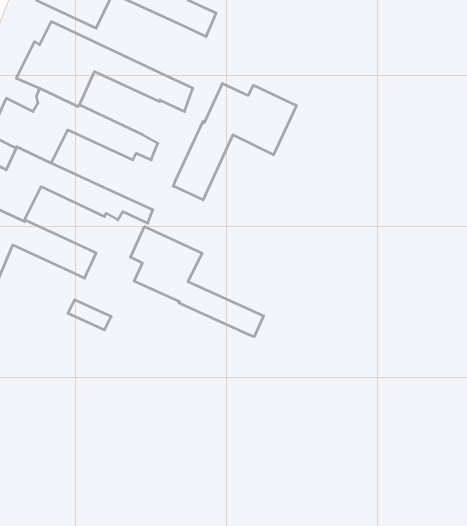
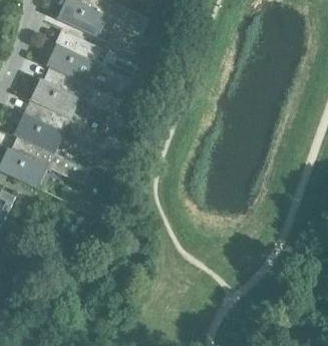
building: [173,83,297,200] -> none
building: [130,227,264,337] -> none

